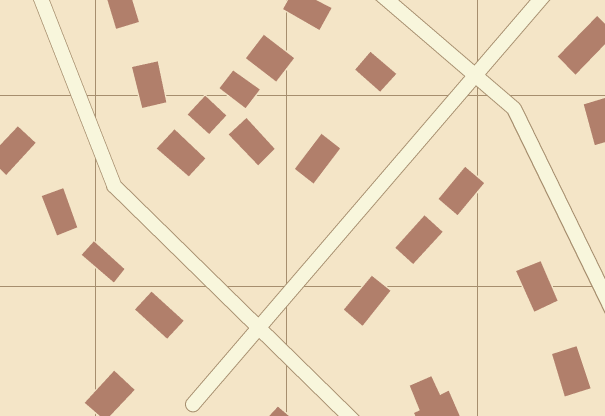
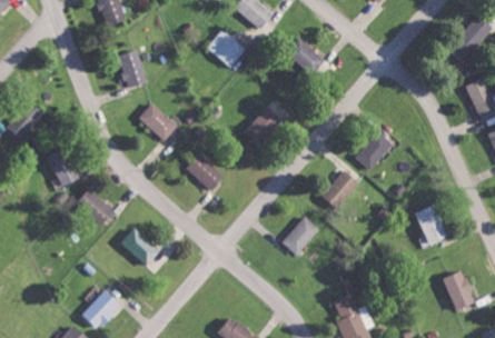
building: [219,69,261,109] -> none
building: [187,95,227,135] -> none
building: [228,117,275,166] -> [186,153,222,191]

